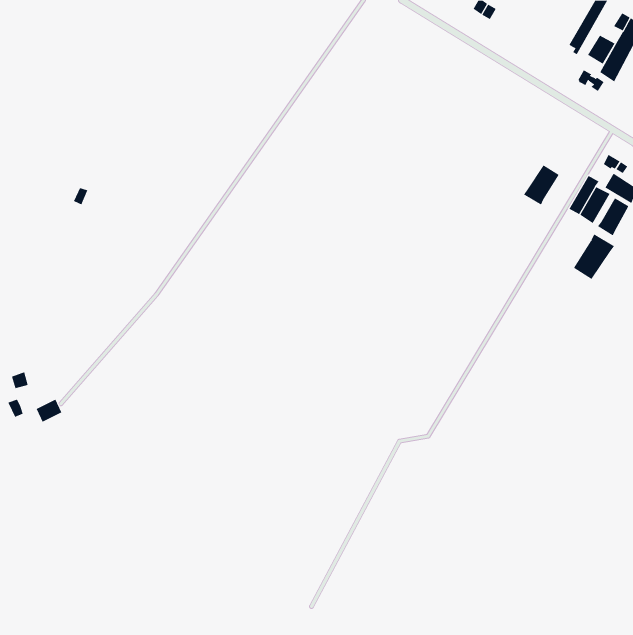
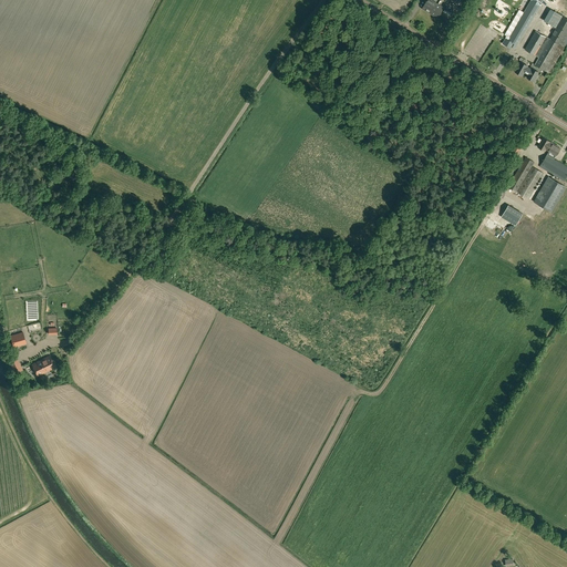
building: [523,164,559,206] -> none
building: [573,233,615,280] -> none

